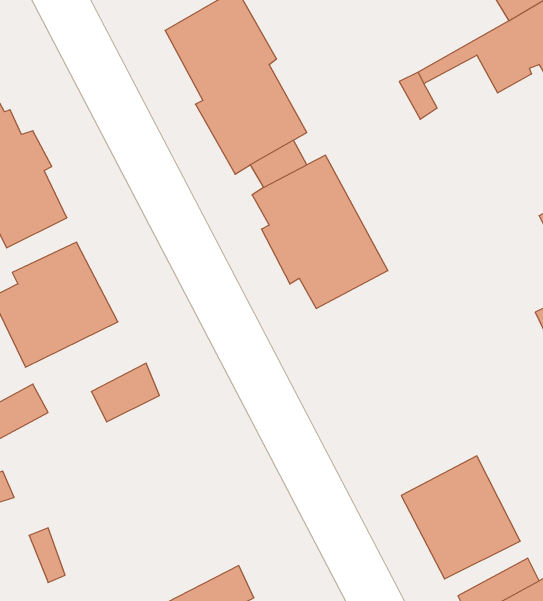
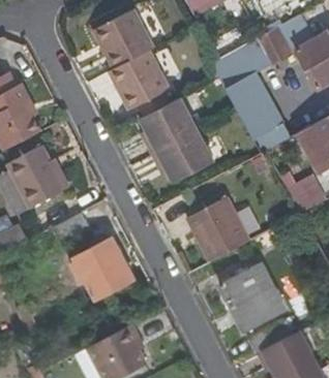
building: none -> [226,71,290,153]
building: none -> [188,194,253,260]
building: none -> [70,240,132,300]

